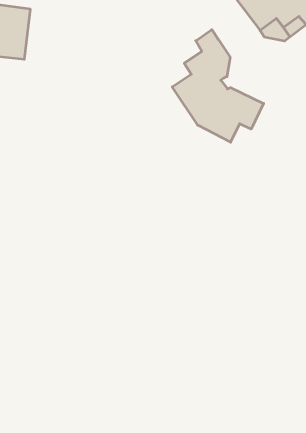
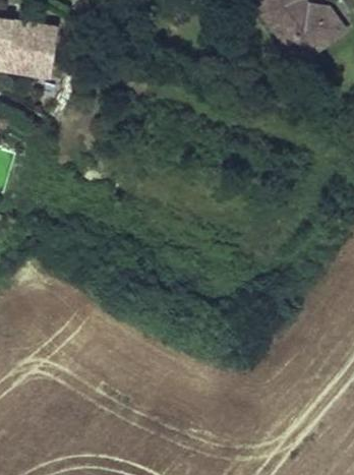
building: [172,30,264,142] -> none

